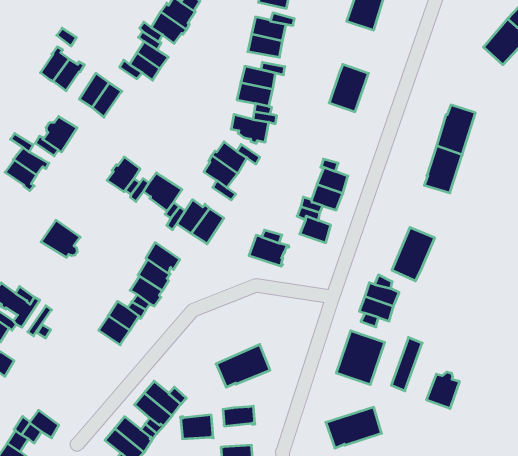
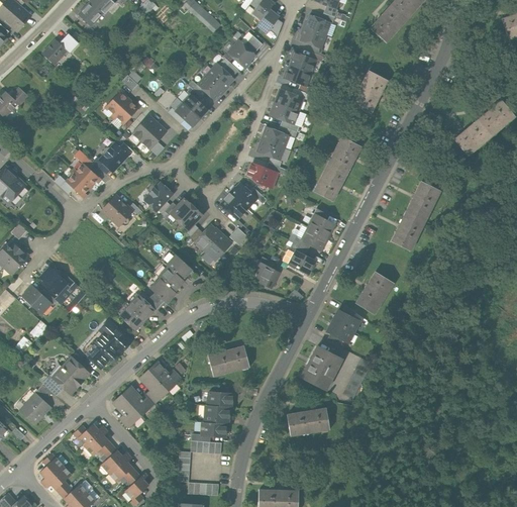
building: none -> [314,165,346,200]
building: [41,220,80,257] -> [101,195,132,225]
building: none -> [89,321,130,368]
building: [427,372,459,409] -> none
building: none -> [61,358,89,385]
building: [180,415,213,439] -> [204,404,229,424]

